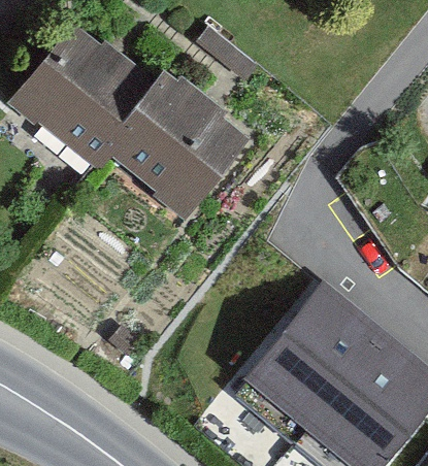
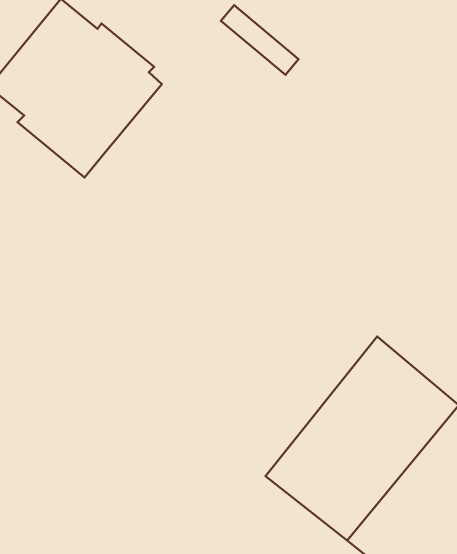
building: [107,71,246,205] -> none

